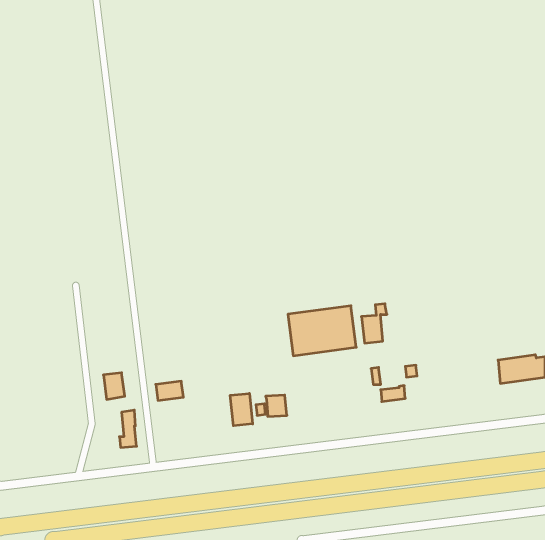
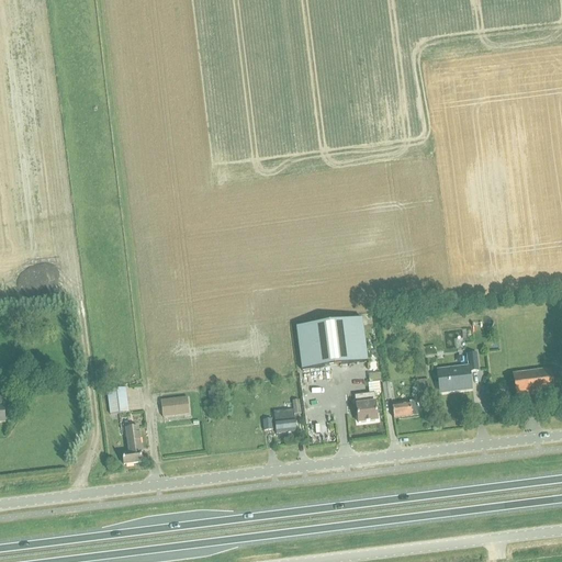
building: [361,304,387,343] -> [355,379,381,419]
building: none -> [437,351,477,390]
building: [230,393,253,426] -> none

